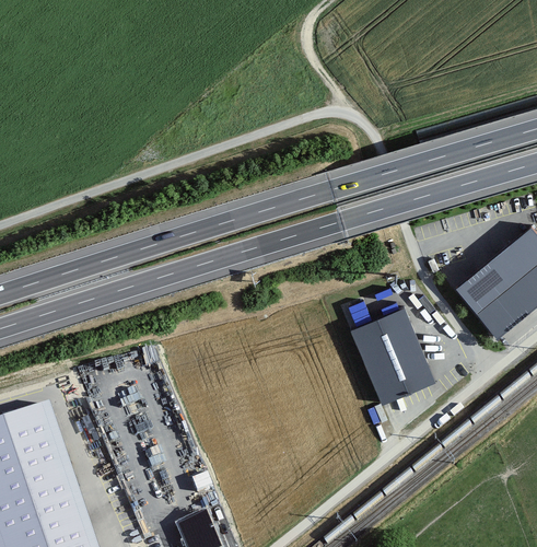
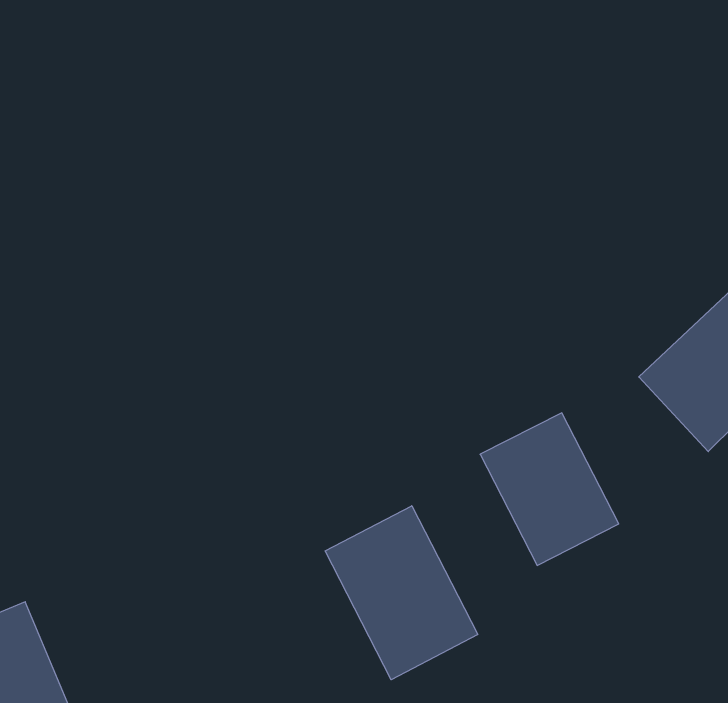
building: none -> [325,506,478,680]

